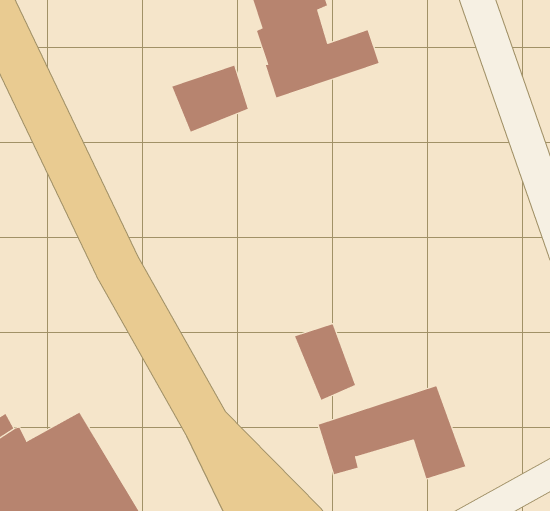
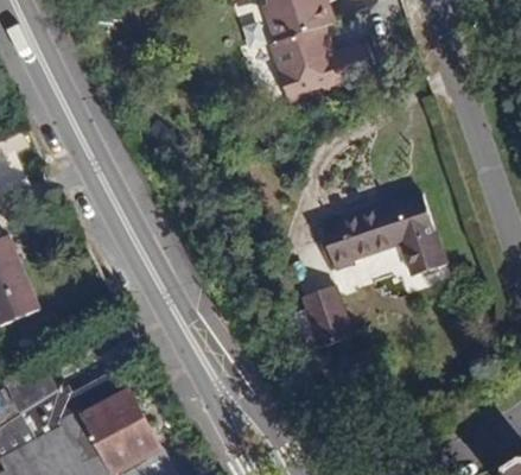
building: [171,65,249,133] -> none
building: [318,385,466,479] -> [322,203,447,283]

